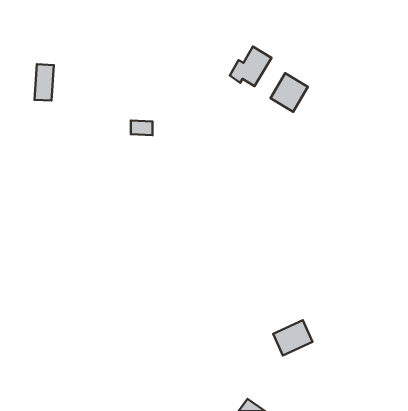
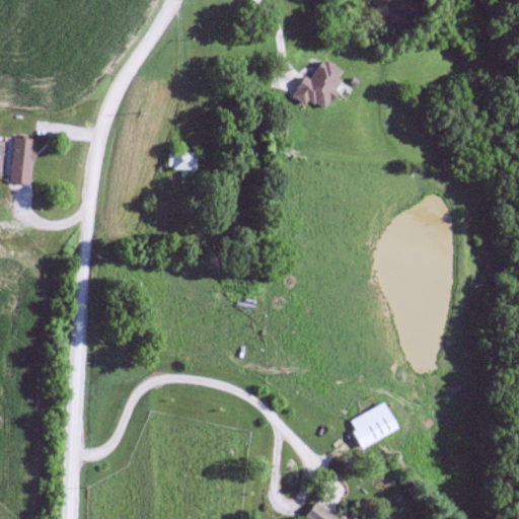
building: [35,64,54,101] -> [10,138,34,183]
building: [271,73,308,112] -> none

